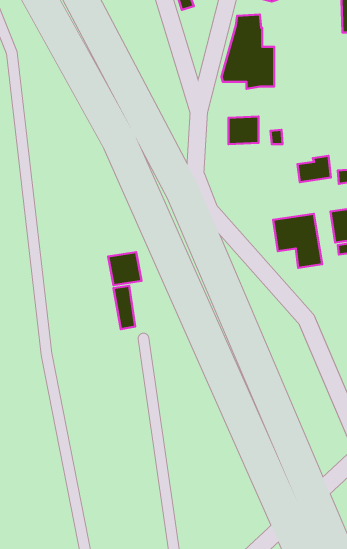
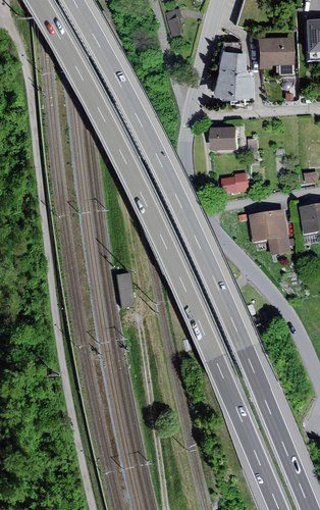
building: none -> [254,35,292,67]
building: [297,156,331,182] -> [221,171,250,194]
building: [108,252,142,285] -> none

